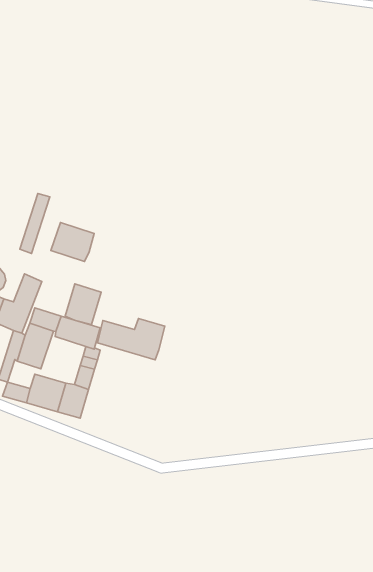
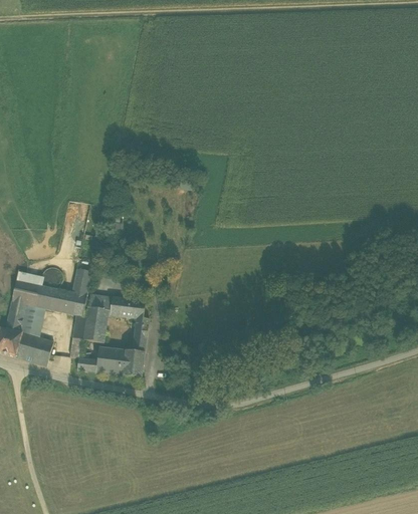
building: [51,223,94,262] -> none
building: [65,284,101,324] -> none
building: [98,318,165,360] -> none

